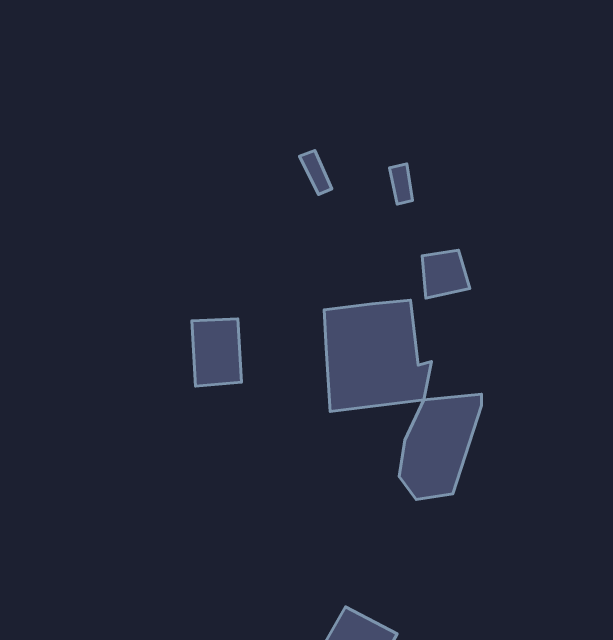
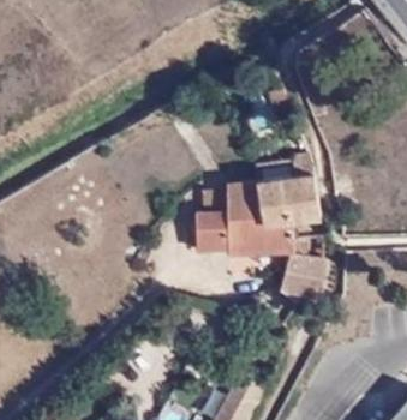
building: none -> [273,181,315,229]
building: [192,319,242,386] -> [191,218,222,260]

